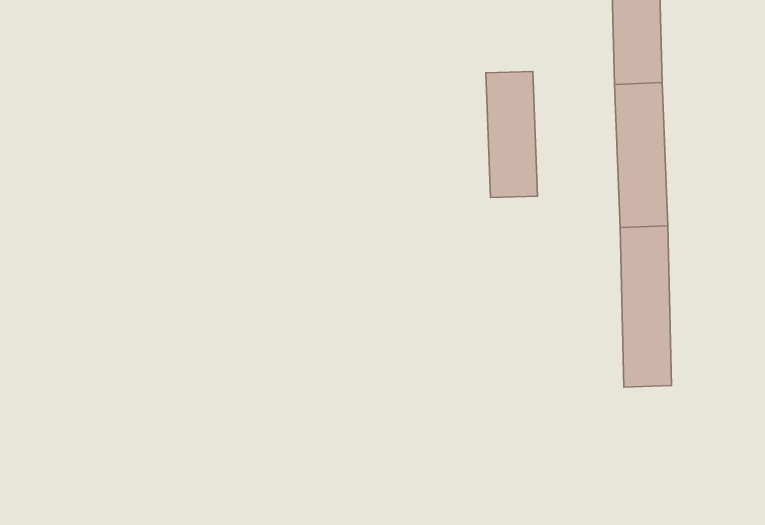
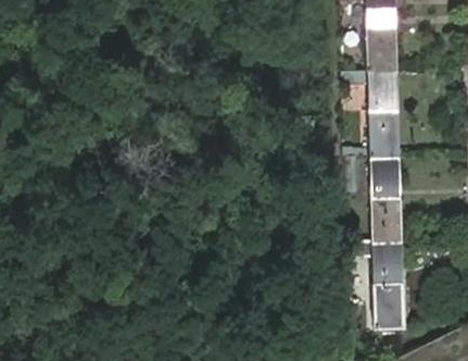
building: [486,72,537,197] -> none
building: none -> [374,264,403,325]

